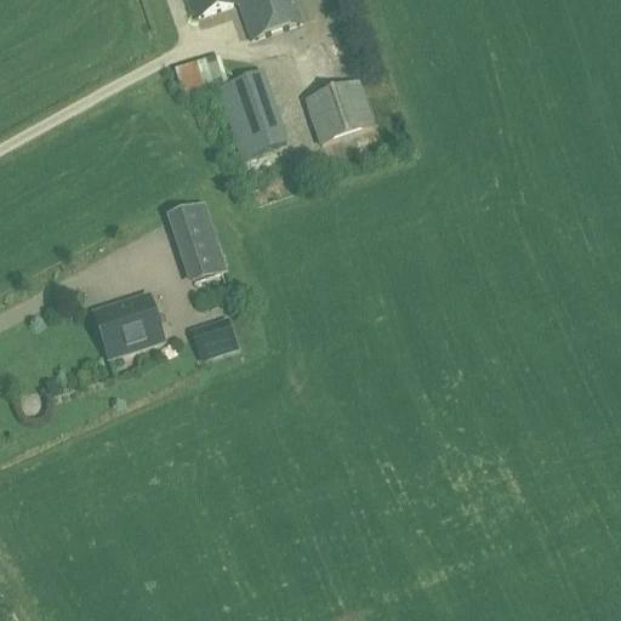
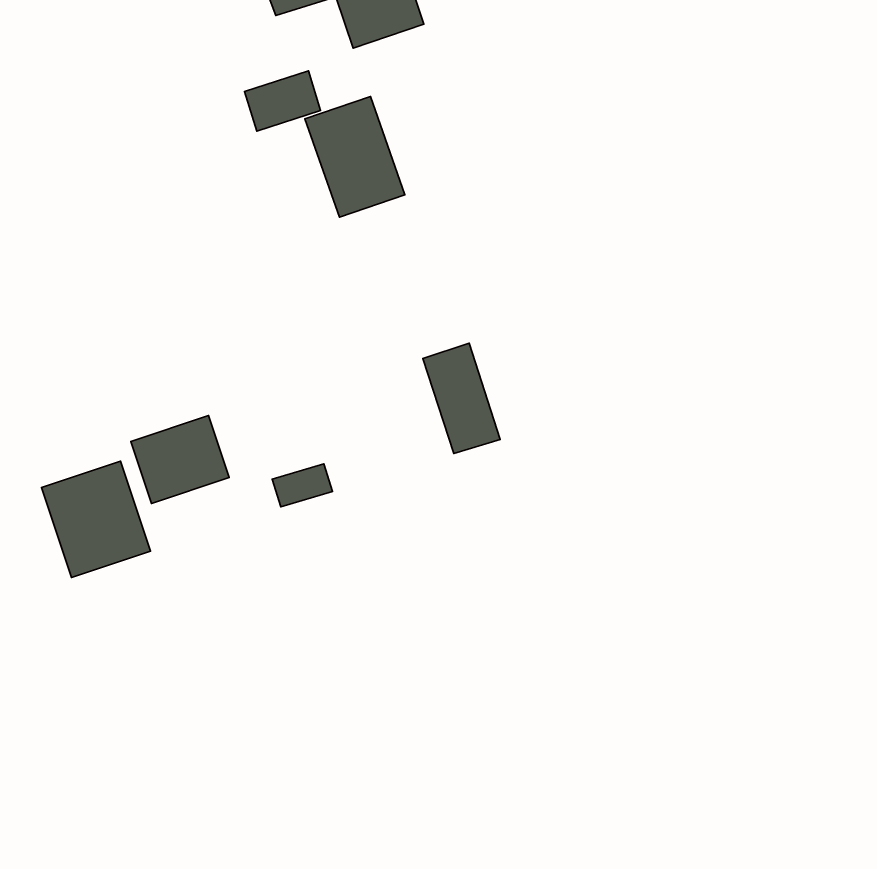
building: [301,78,374,142] -> none
building: [170,200,224,278] -> [423,343,500,453]
building: none -> [41,461,150,578]

